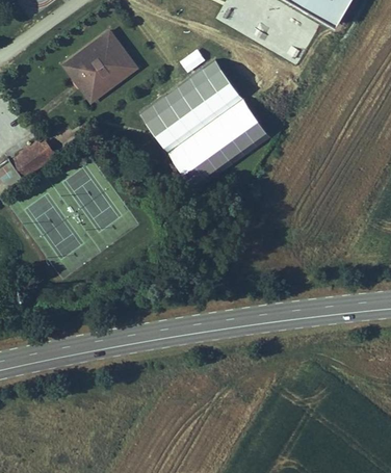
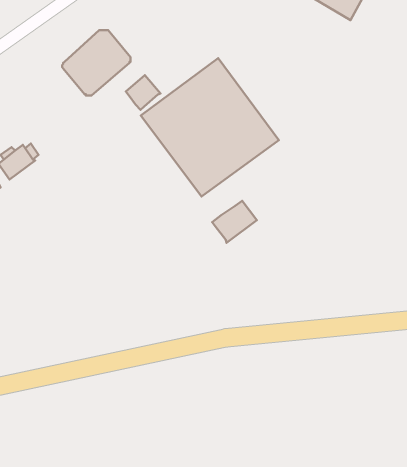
building: none -> [126,75,160,110]
building: none -> [212,201,257,243]

